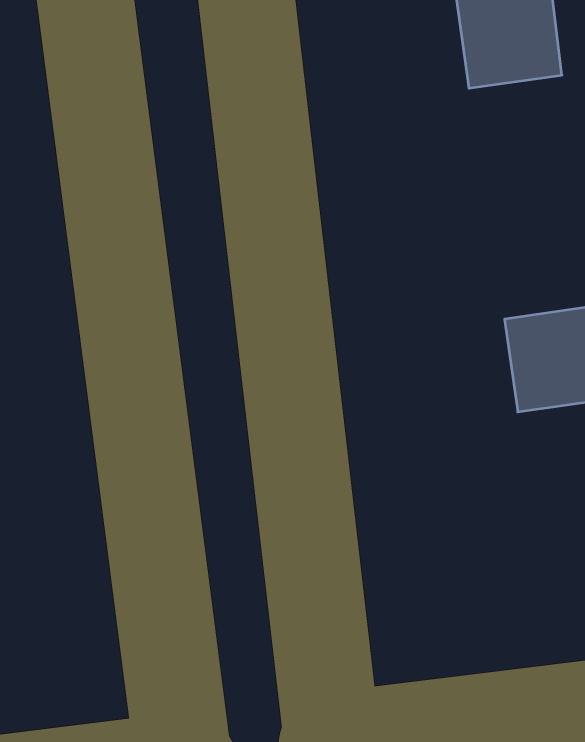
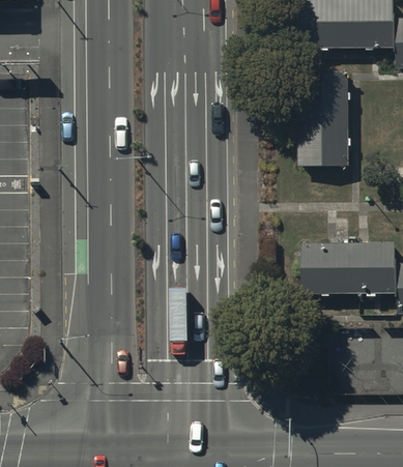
building: none -> [299,121,349,168]

